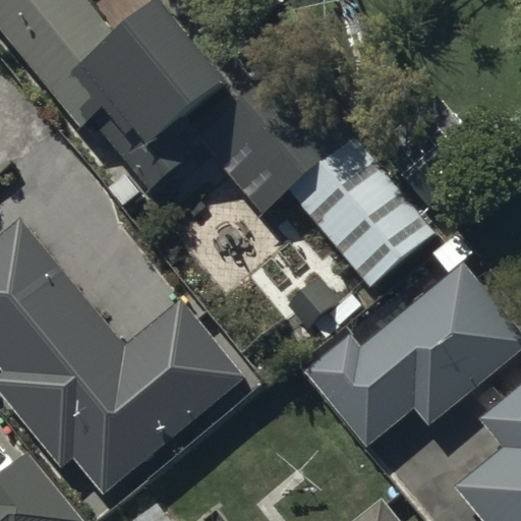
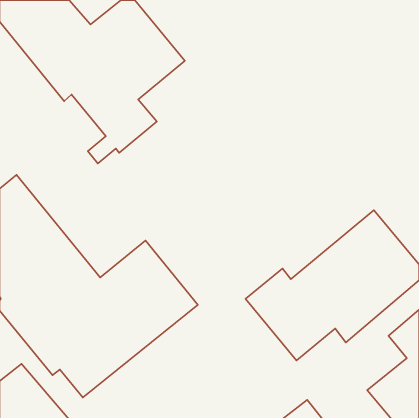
building: [198,94,441,287] -> none

